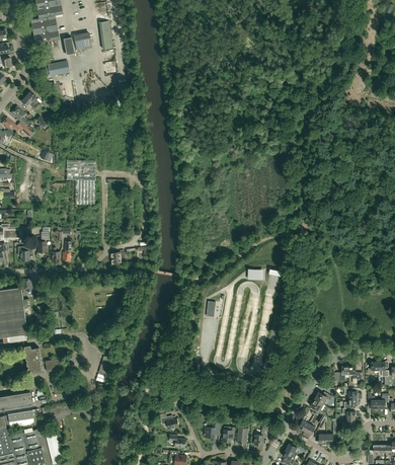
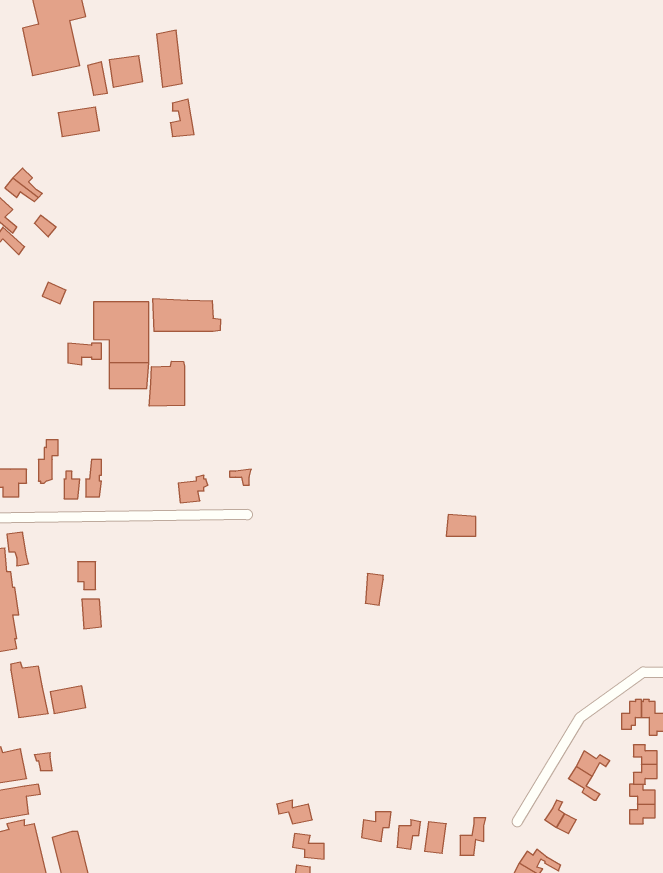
building: none -> [153,299,221,331]
building: none -> [149,361,185,406]

